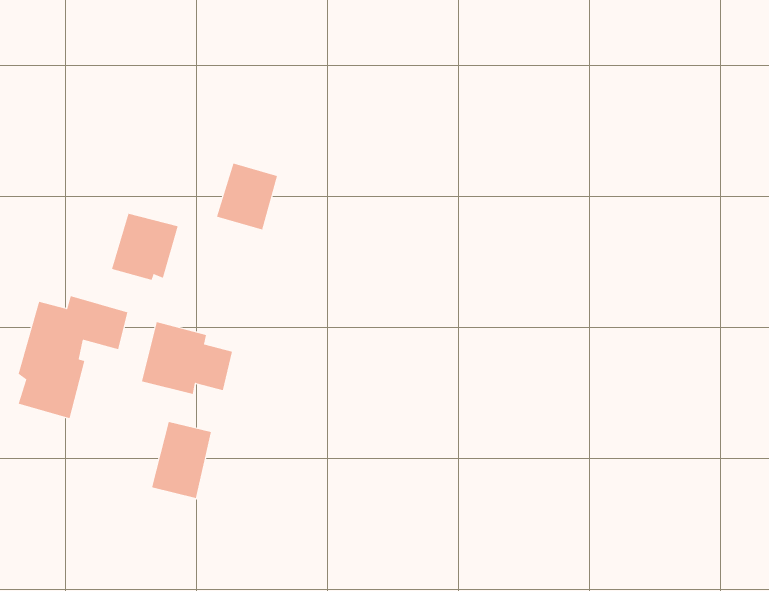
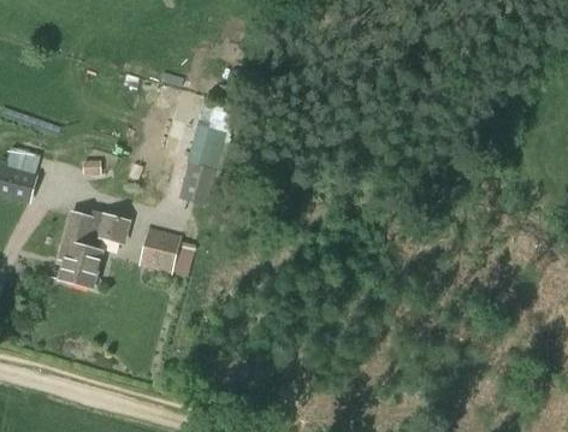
building: [111,213,178,280] -> [177,162,220,206]
building: [152,421,212,499] -> none

